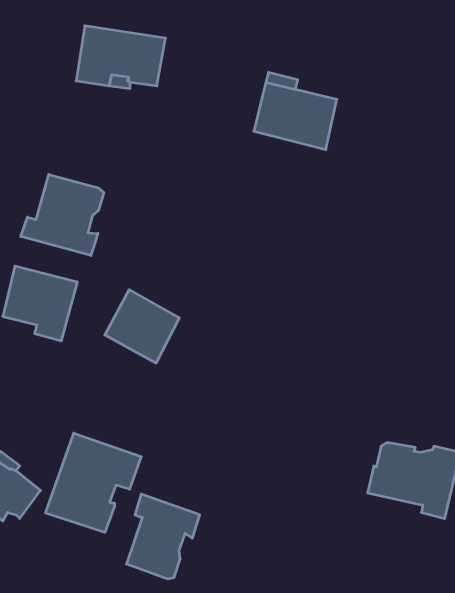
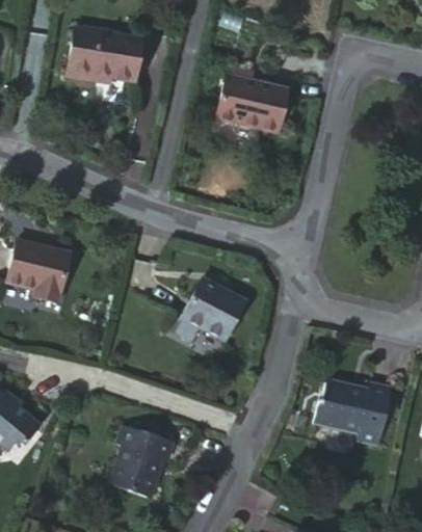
building: [21,174,104,256] -> none
building: [105,290,179,363] -> [181,282,244,344]
building: [45,433,141,532] -> none

